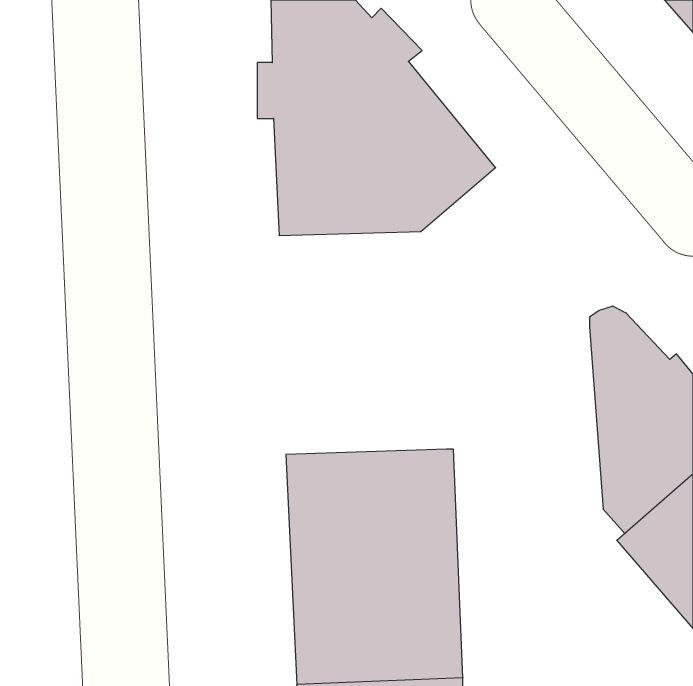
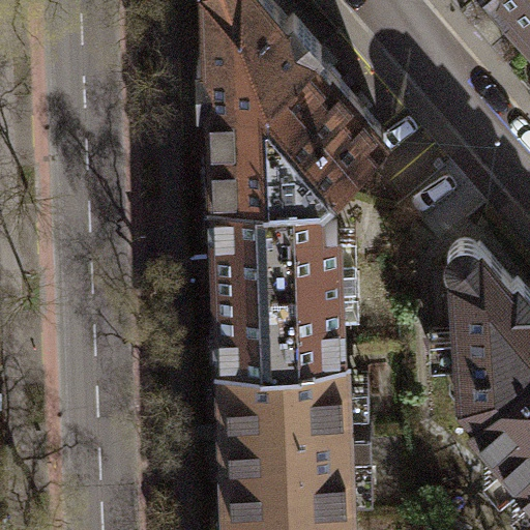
building: none -> [212,183,354,353]

